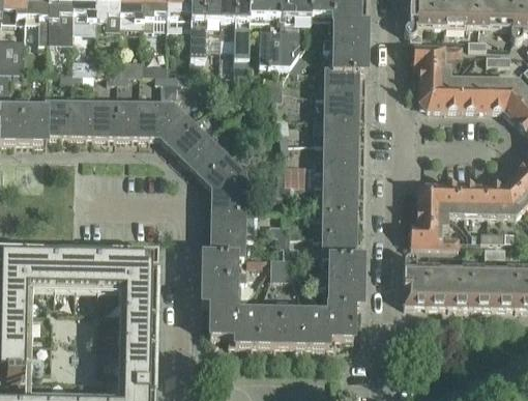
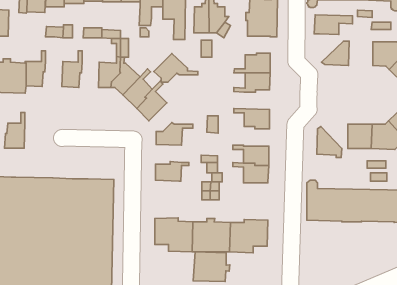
building: [419,64,450,104] -> none
building: [312,69,357,95] -> none
building: [457,77,488,108] -> none
building: [67,89,93,135] -> [5,112,25,148]
building: [114,90,140,136] -> none
building: [311,139,356,164] -> none
building: [203,155,259,192] -> [154,54,198,82]
building: [421,181,456,213] -> none
building: [310,184,356,210] -> none
building: [211,208,258,233] -> none
building: [410,221,459,246] -> none
building: [202,254,246,303] -> none
building: [320,256,362,305] -> none
building: none -> [193,252,230,282]

